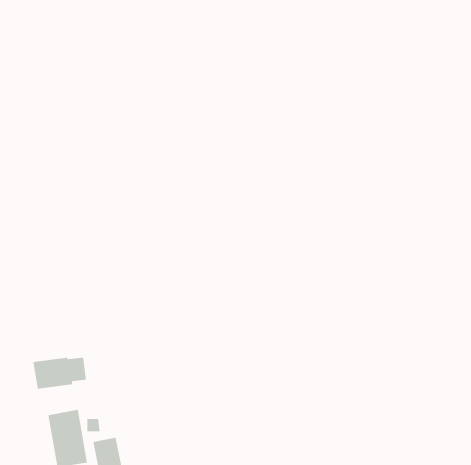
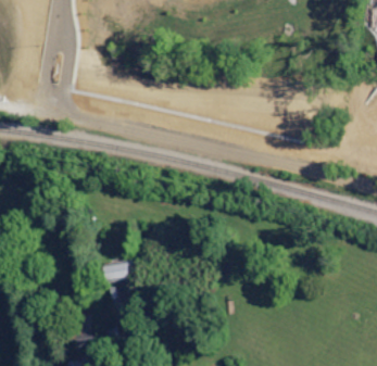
building: [32,357,87,390] -> [101,262,139,285]

